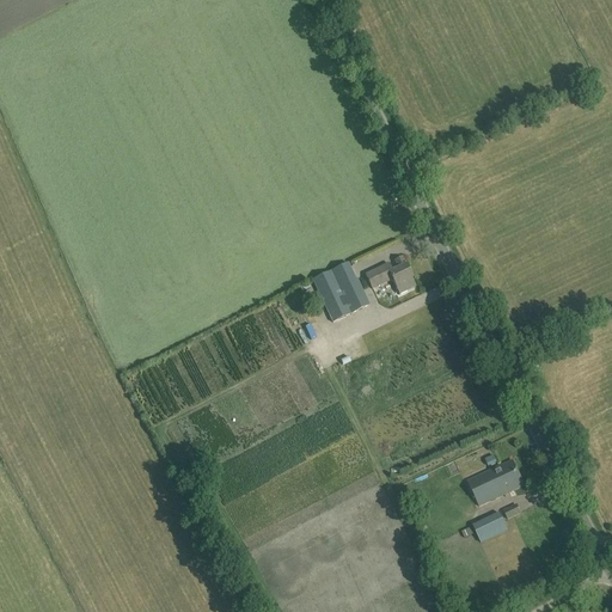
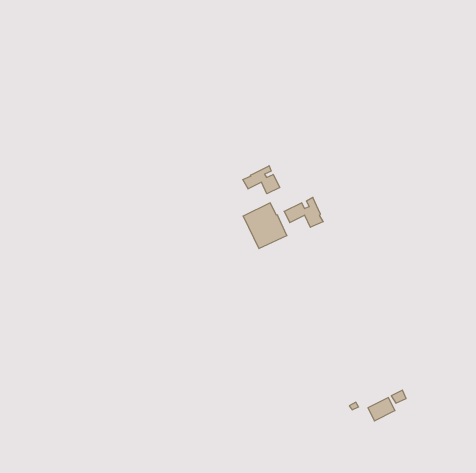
building: none -> [243,166,280,194]
building: [467,458,524,503] -> none

